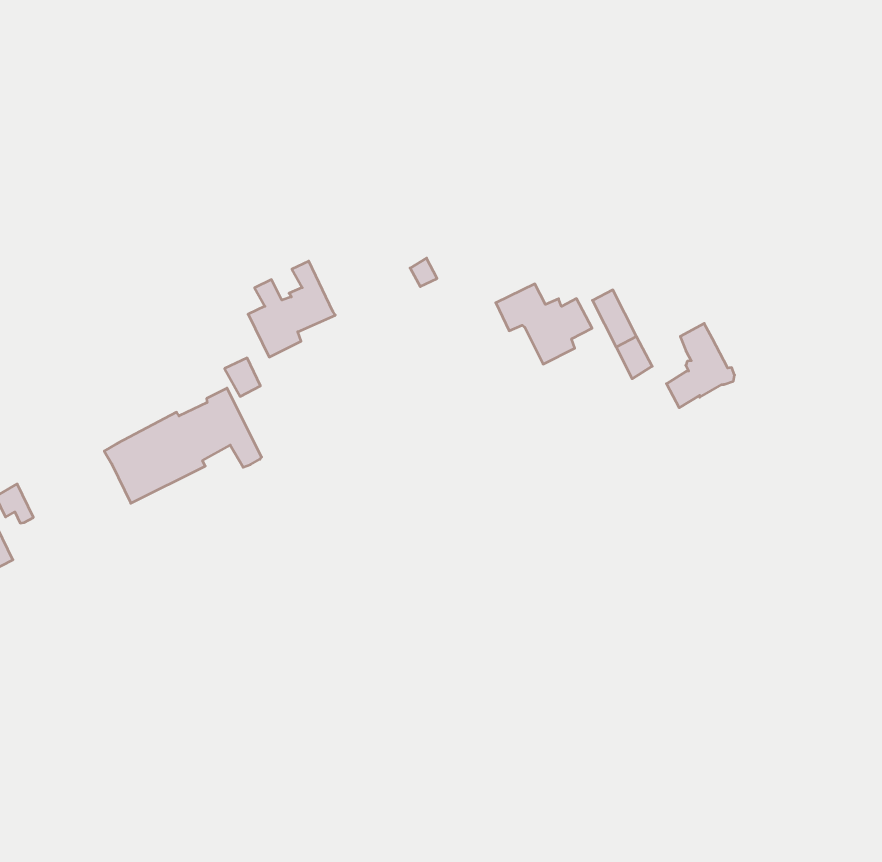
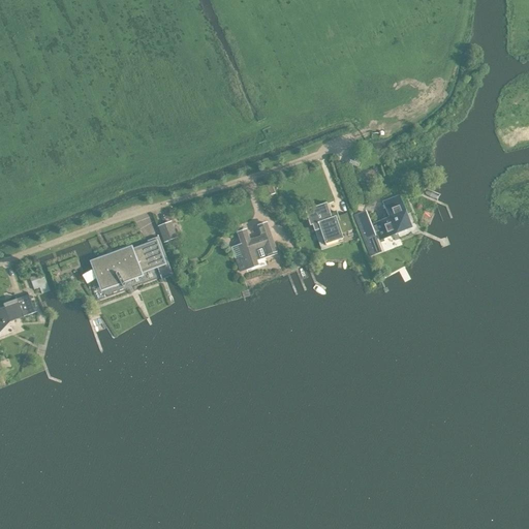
building: [248,261,335,357] -> [230,222,276,270]
building: [666,323,735,408] -> [373,195,409,238]

